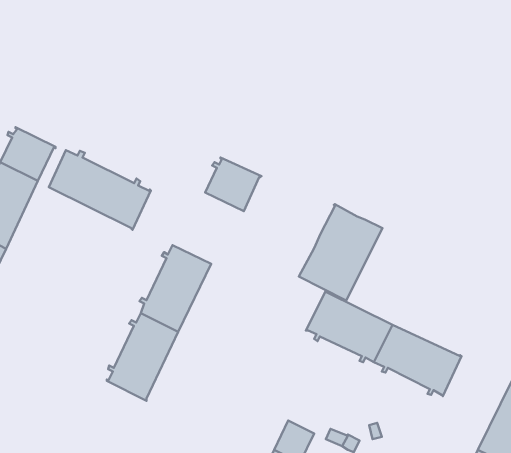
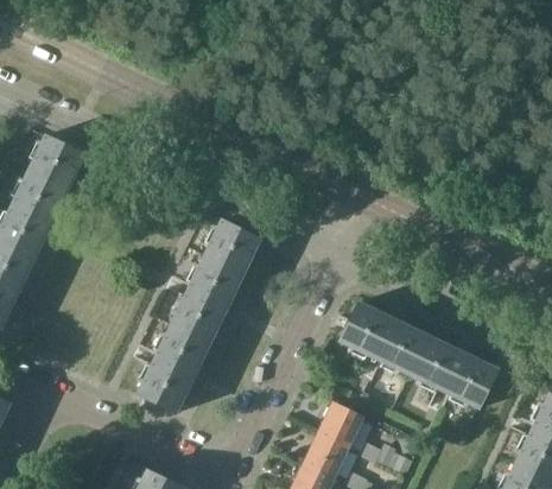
building: [49,150,151,230] -> none
building: [205,157,261,211] -> [203,220,260,274]
building: [299,204,382,301] -> none
building: none -> [321,404,362,446]

